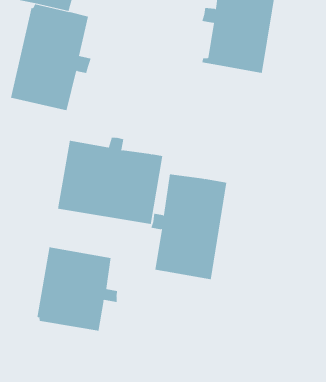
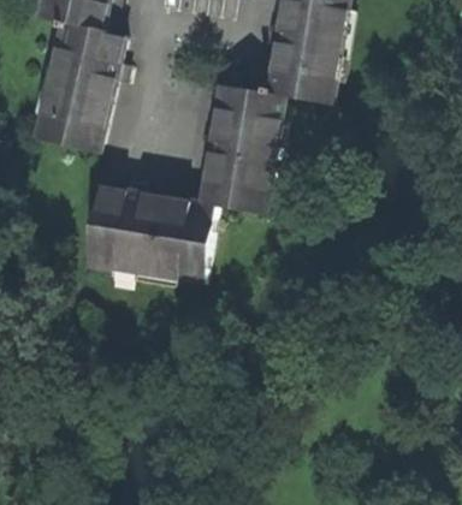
building: [151,174,227,280] -> [196,83,290,213]
building: [37,247,118,331] -> none

